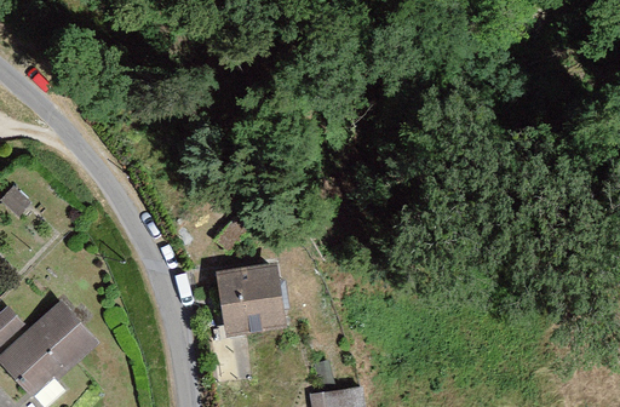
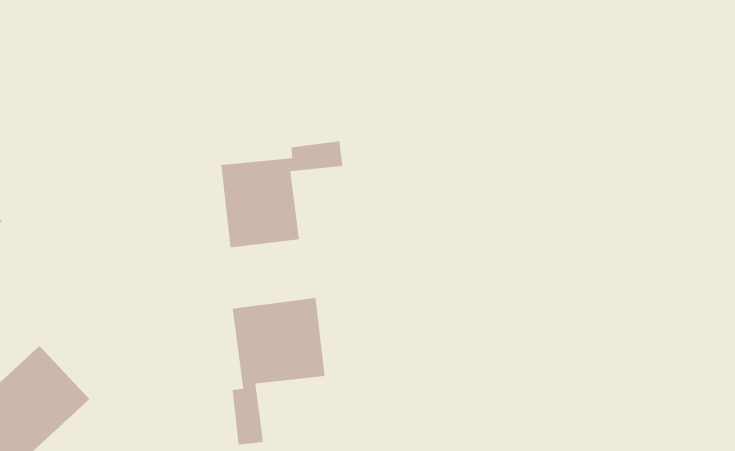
building: none -> [221,141,343,248]

